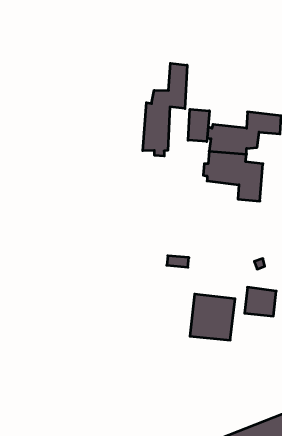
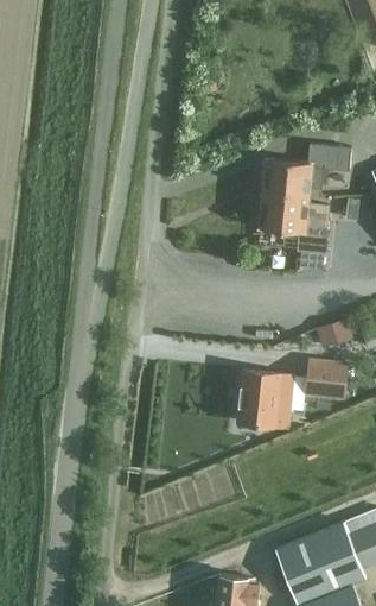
building: [143,63,187,156] -> none
building: [188,109,209,142] -> none

